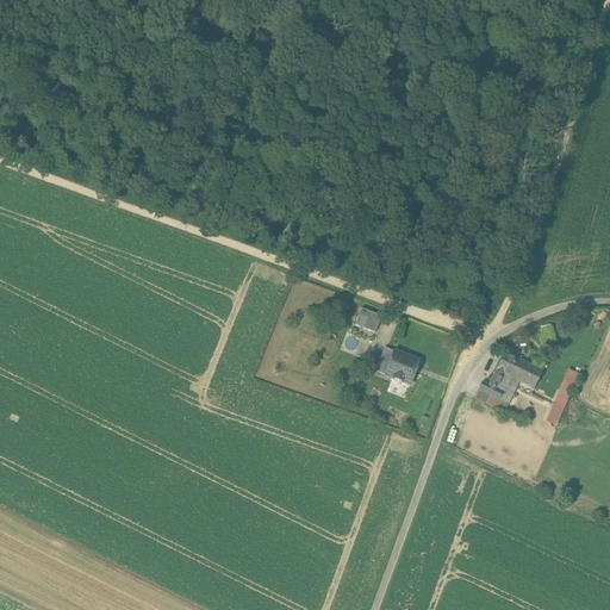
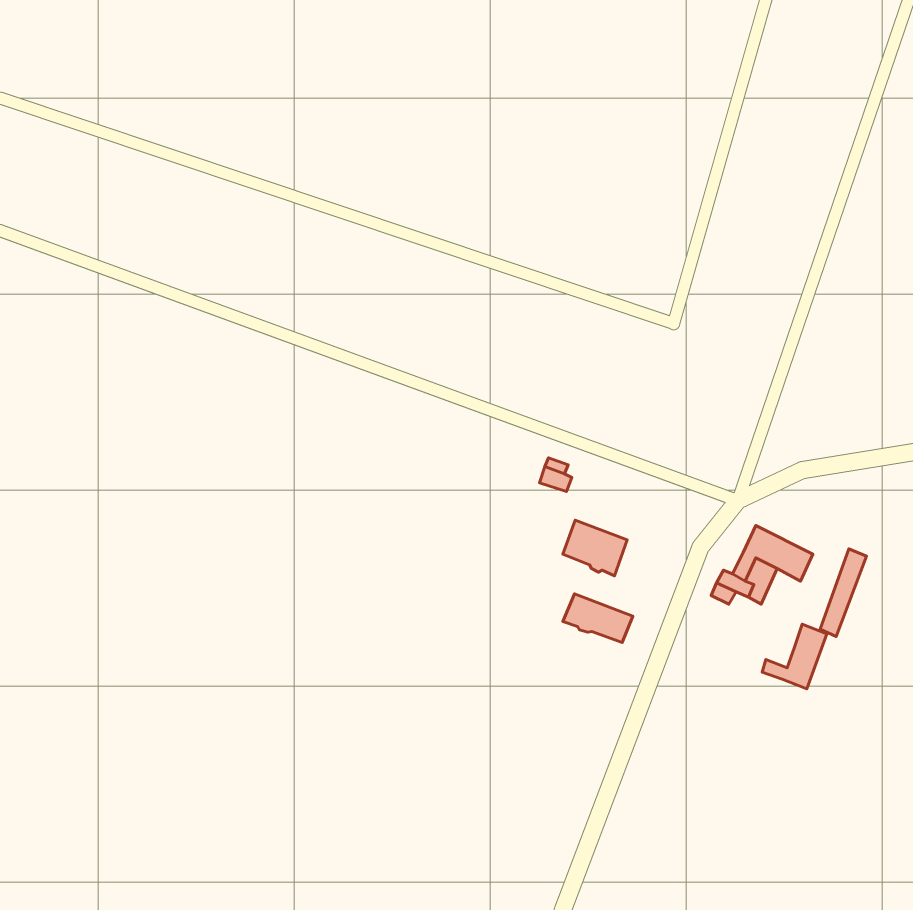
building: none -> [563,594,633,643]
building: none -> [762,624,827,689]

